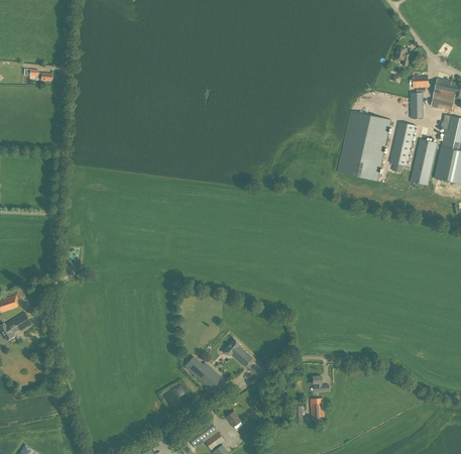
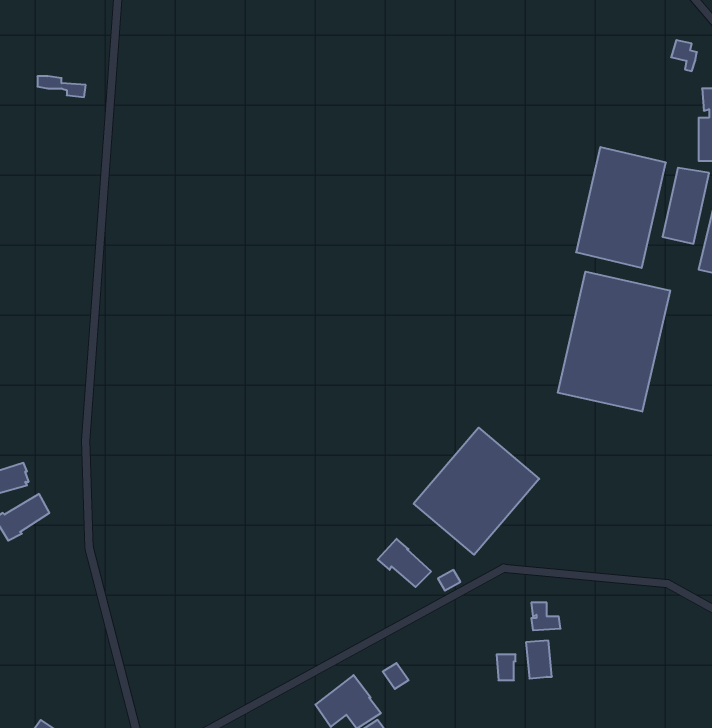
building: none -> [558,272,670,412]
building: none -> [414,428,539,555]
building: [184,356,222,391] -> none

